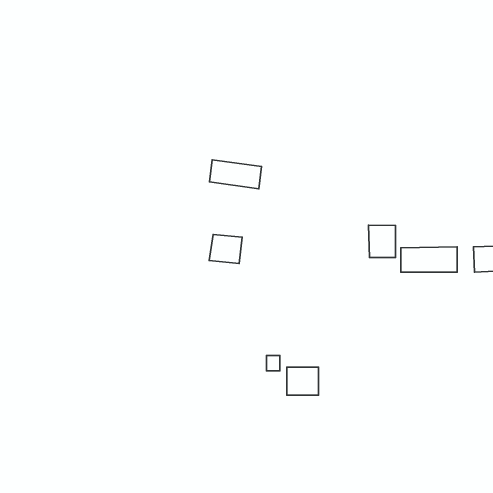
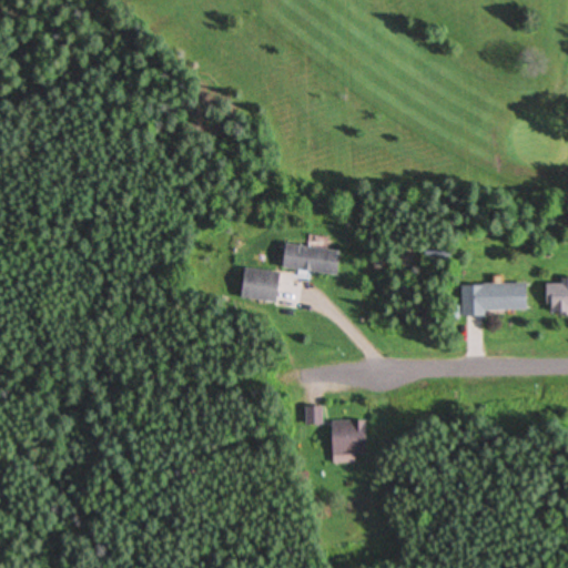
building: [209,160,262,189] -> [282,243,342,276]
building: [368,225,396,258] -> none

